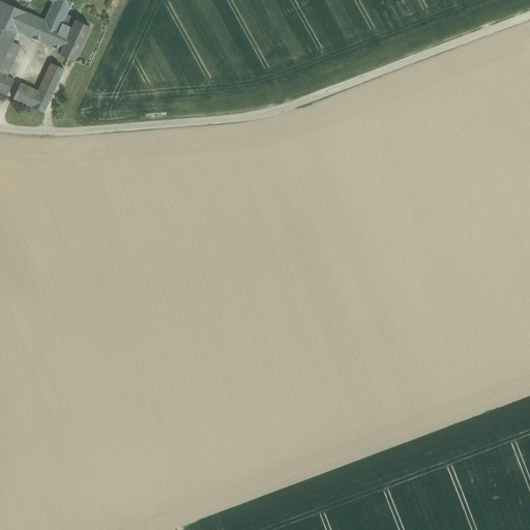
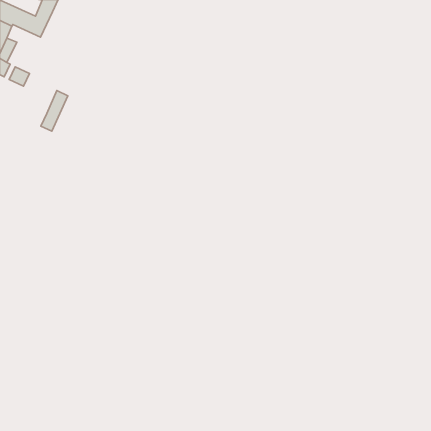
building: [50,14,88,60] -> none
building: [29,62,62,112] -> [41,91,68,131]

